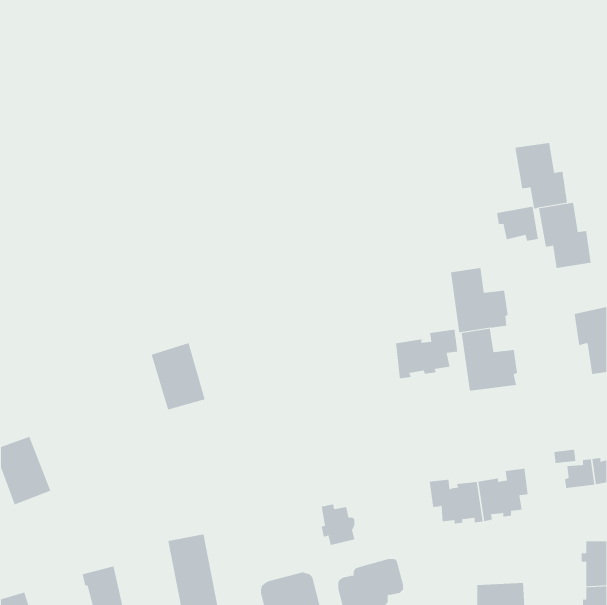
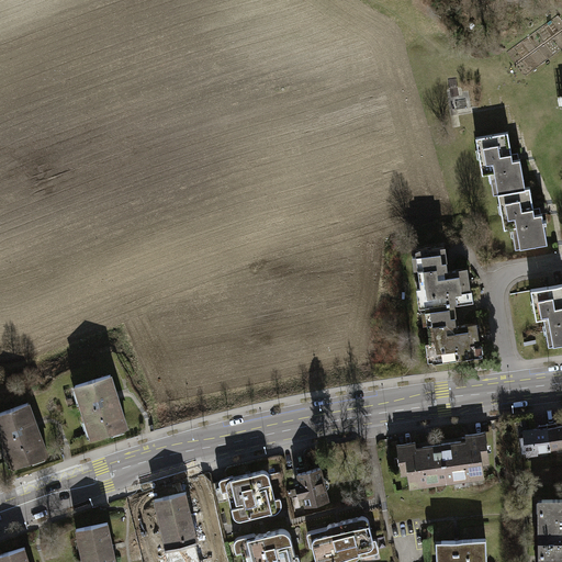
building: [496,206,539,242] -> none
building: [395,329,458,379] -> none
building: [151,343,206,410] -> [76,378,126,440]
building: none -> [226,472,276,520]

